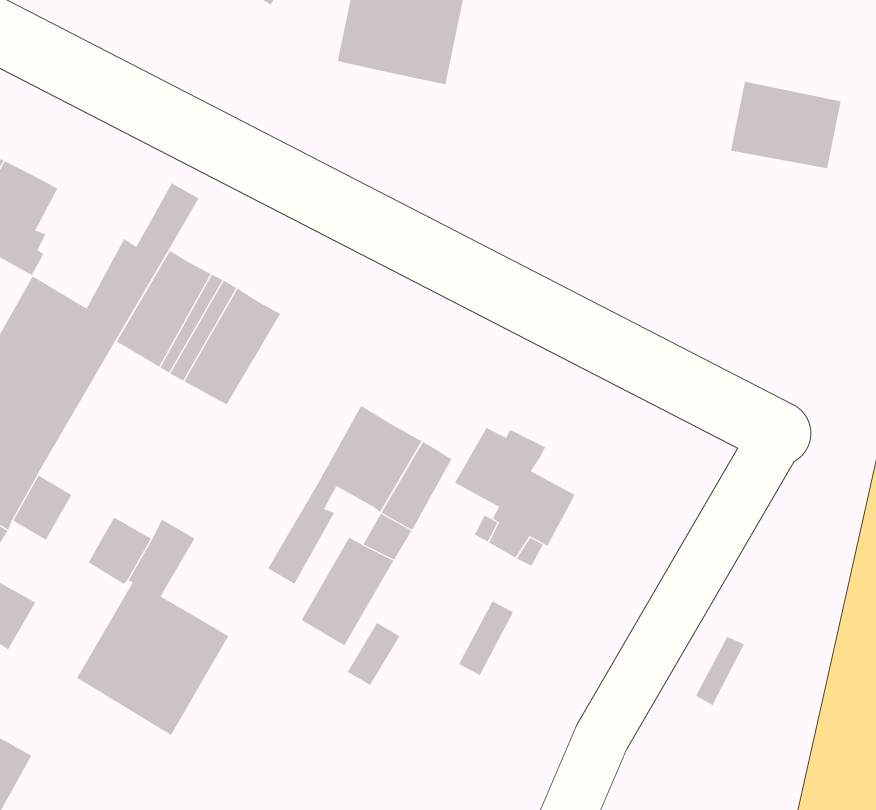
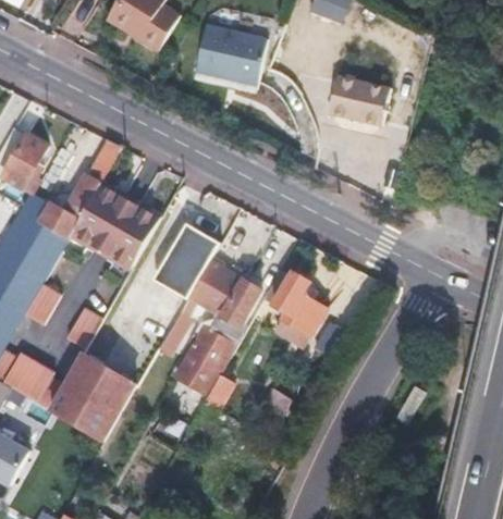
building: [730,81,842,169] -> [327,83,388,131]
building: none -> [157,225,220,299]
building: none -> [17,368,64,411]

